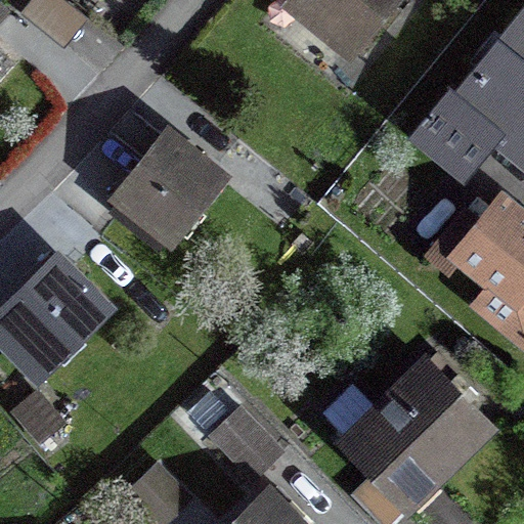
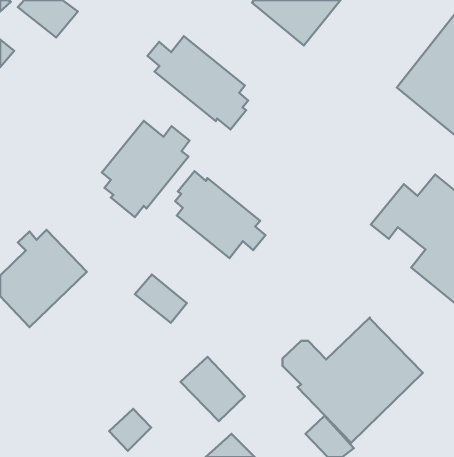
building: none -> [147,36,248,129]
building: [417,93,496,172] -> none
building: none -> [175,171,265,258]

